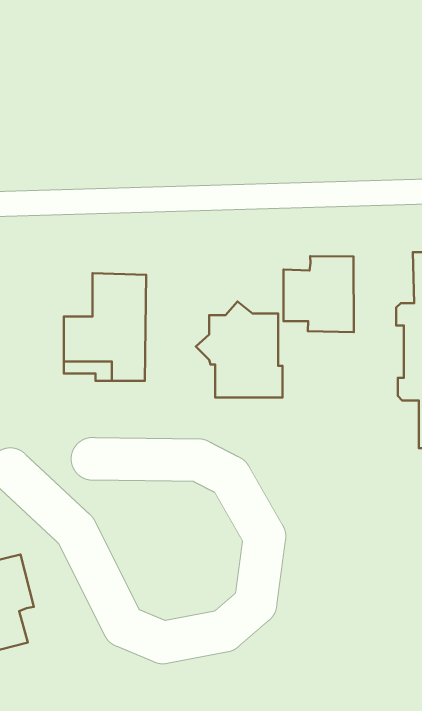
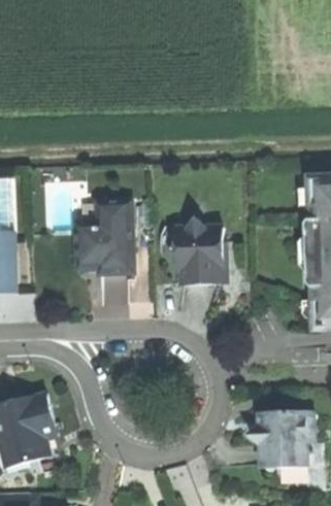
building: [283,256,354,332] -> none
building: none -> [244,406,312,467]

